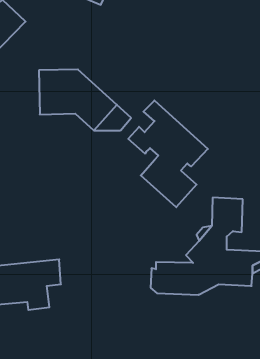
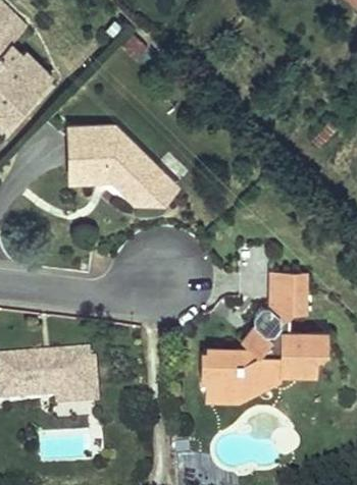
building: [128,100,208,207] -> none
building: none -> [203,377,276,406]

